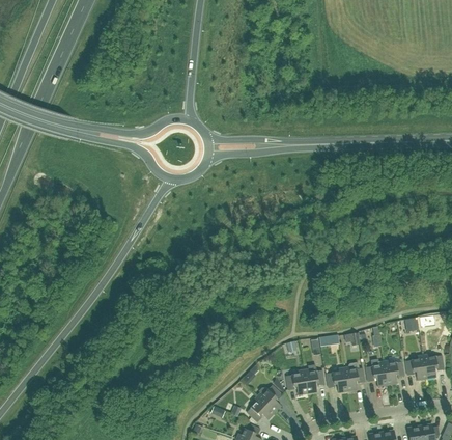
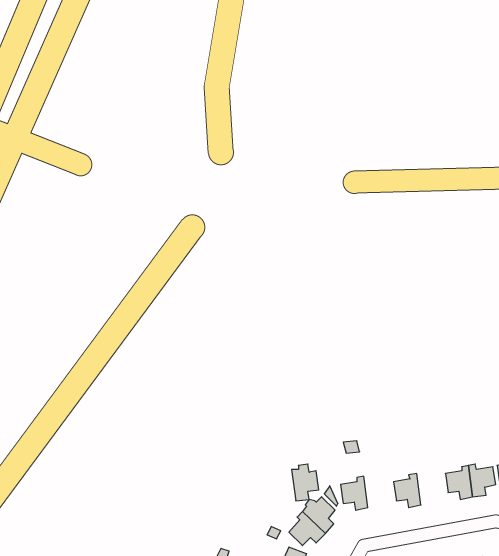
building: [344,363,365,391] -> none
building: [304,365,324,393] -> [292,464,319,501]

